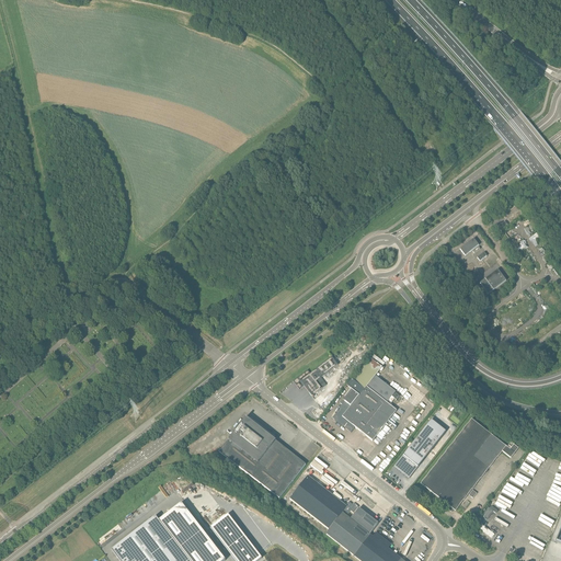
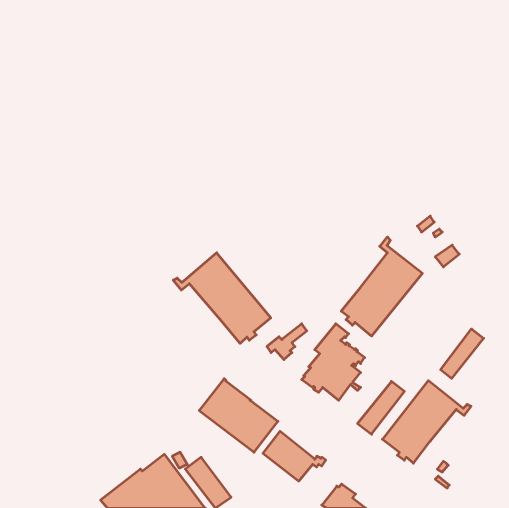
building: none -> [341,237,422,336]
building: none -> [173,253,271,343]
building: none -> [441,329,484,378]
building: [327,507,378,554] -> none

